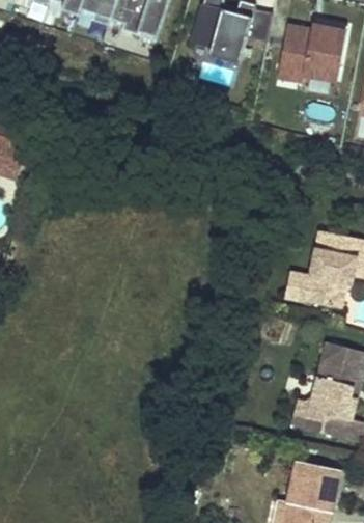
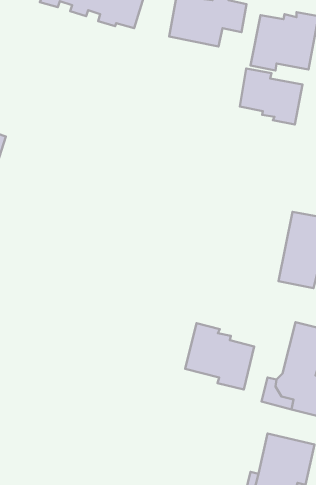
building: none -> [240,69,302,125]
building: none -> [185,323,254,390]

